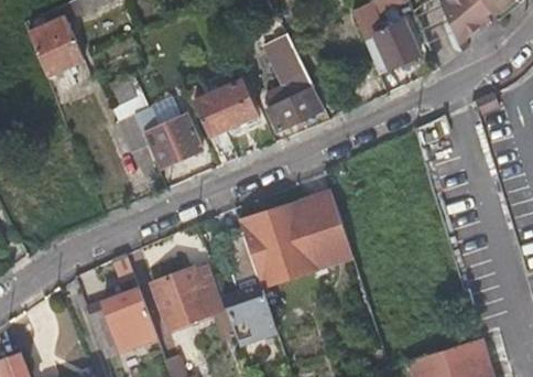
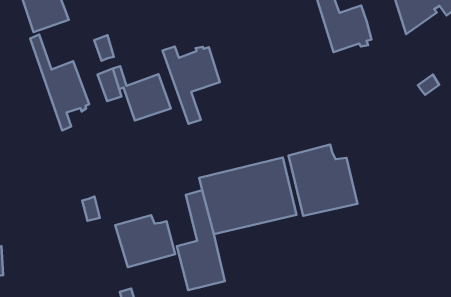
building: [264,40,323,129] -> none
building: none -> [30,35,89,130]
building: none -> [289,144,358,216]
building: [86,289,156,351] -> none

